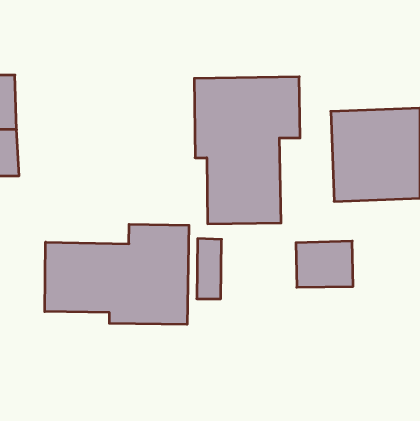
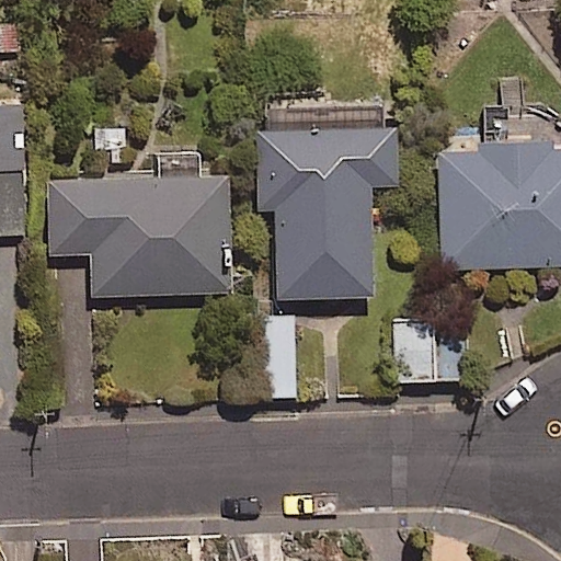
building: none -> [47,176,228,297]
building: [45,224,189,324] -> none

